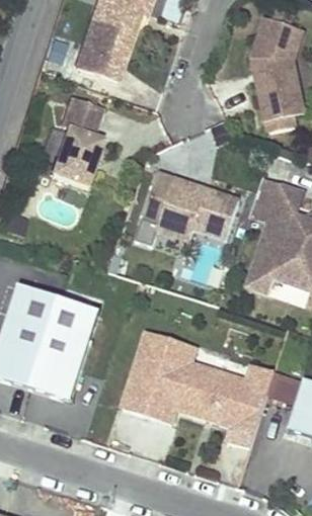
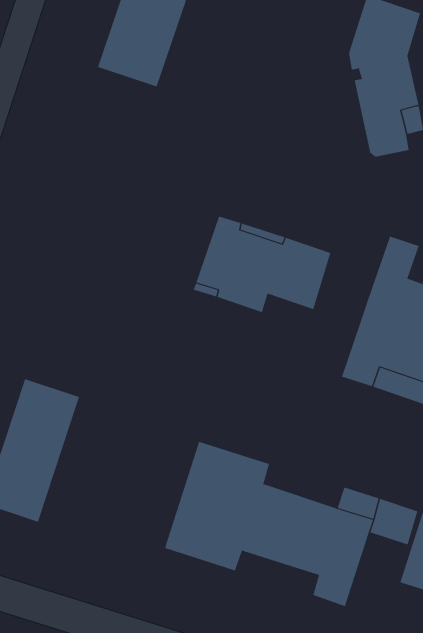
building: [52,96,102,186] -> none
building: [248,177,281,222] -> none
building: [31,298,100,401] -> none

